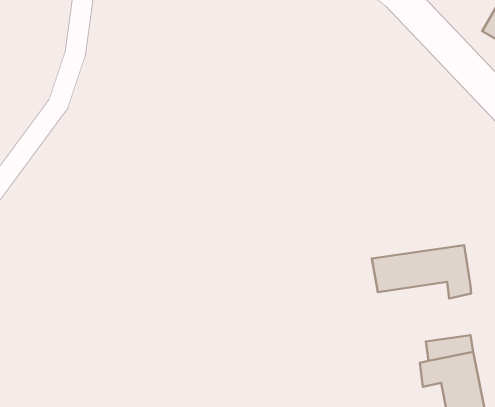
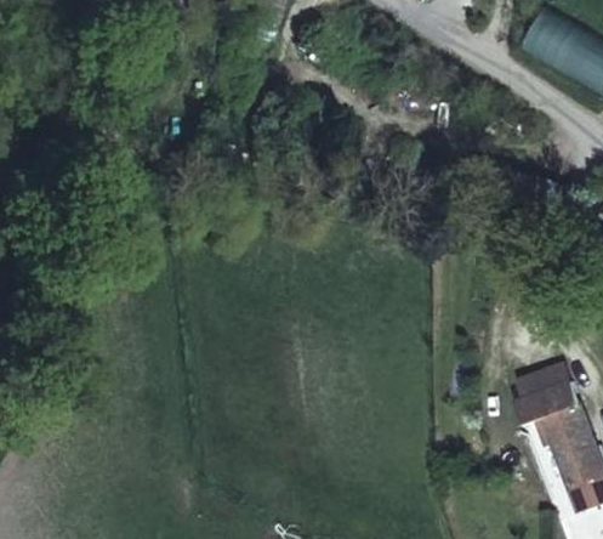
building: [372,245,471,298] -> none

